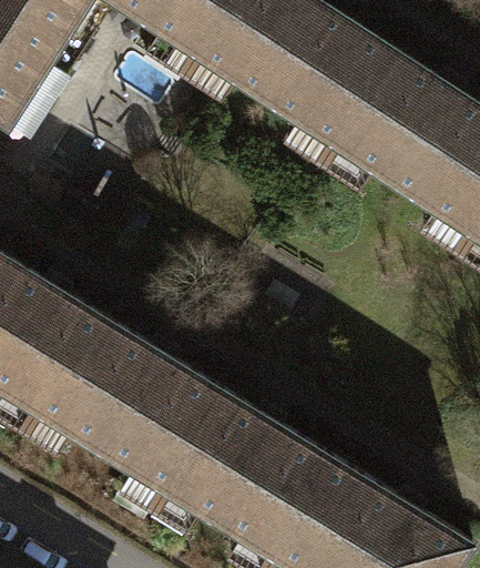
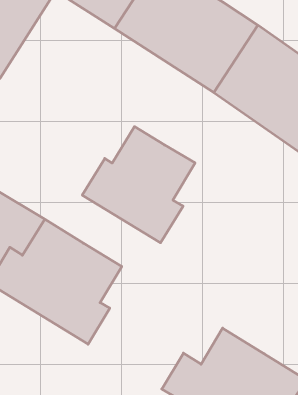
building: none -> [82,127,195,243]
building: [159,381,345,550] -> none

